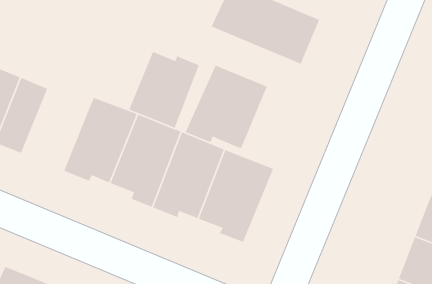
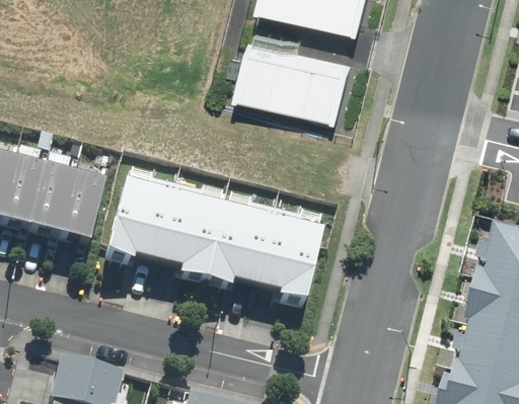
building: [128,51,200,129] -> none
building: [185,64,268,150] -> none
building: none -> [57,172,105,252]

